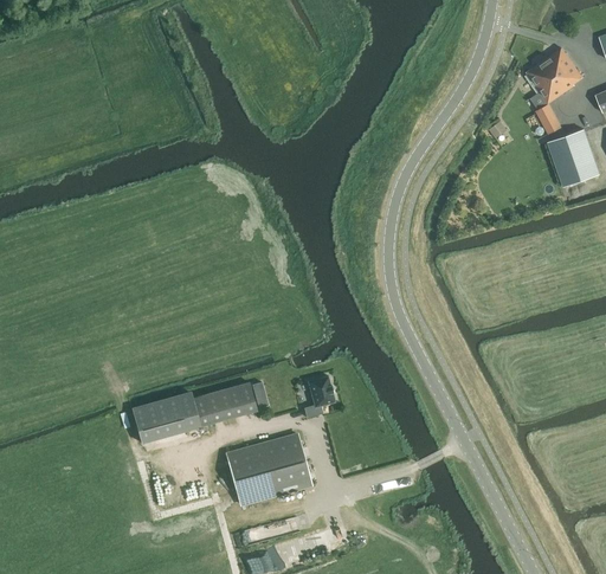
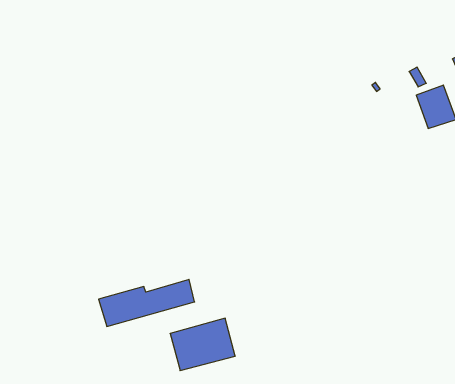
building: [526,46,581,102] -> none
building: [303,374,334,417] -> none

